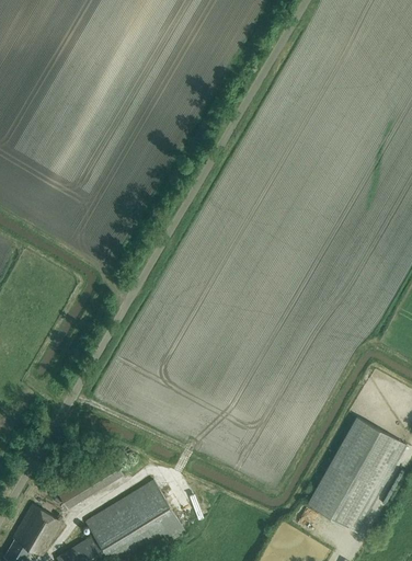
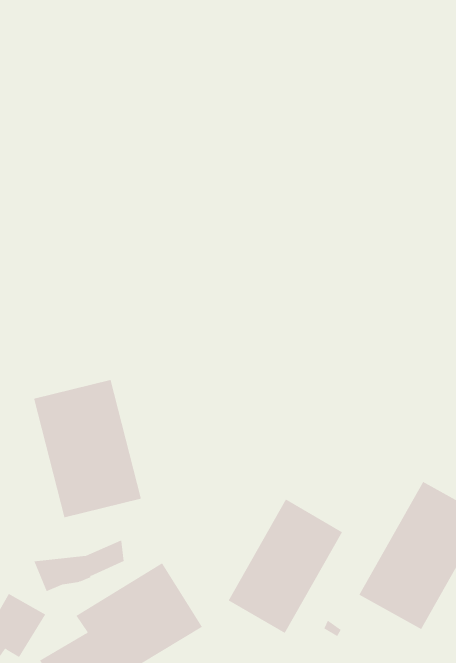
building: none -> [34,379,141,518]
building: none -> [228,499,343,634]

